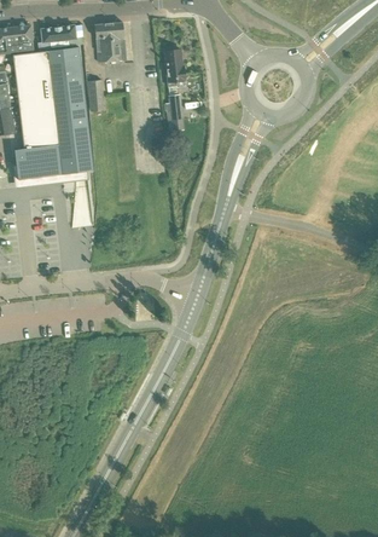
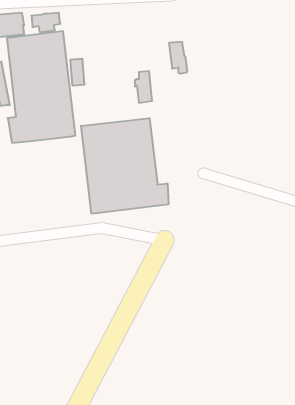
building: [94,22,126,62] -> none
building: [164,50,186,87] -> [169,42,187,74]
building: none -> [81,118,168,214]

